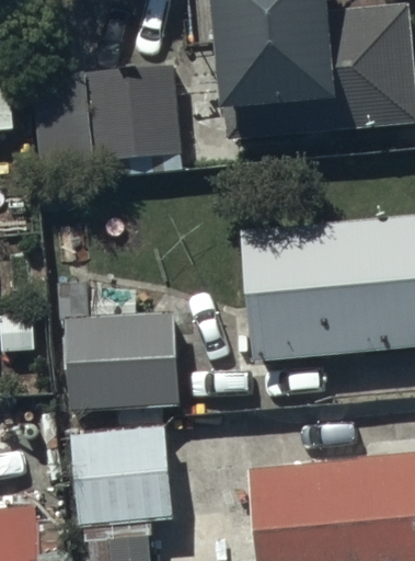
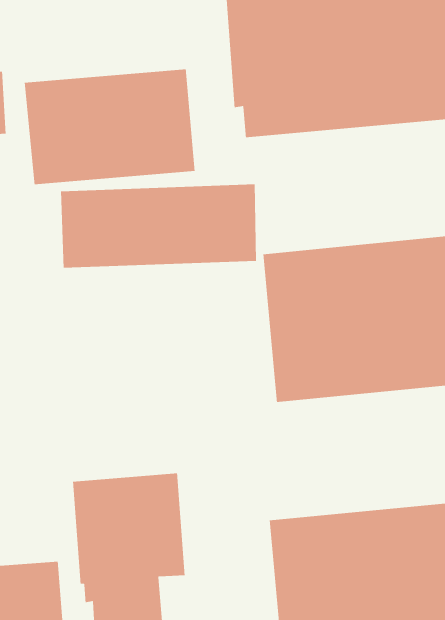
building: none -> [60,184,257,268]
building: [56,283,174,410] -> none

